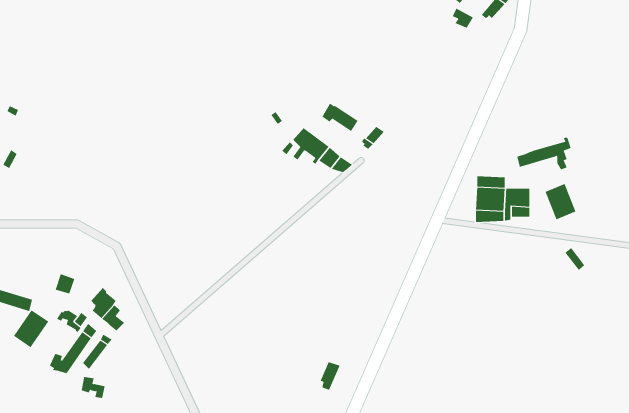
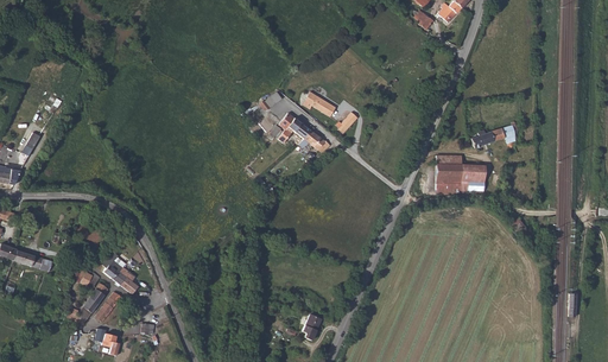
building: [545,183,576,220] -> none
building: [13,310,49,348] -> none

